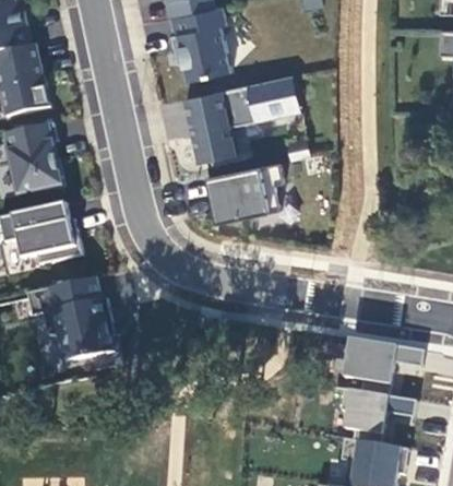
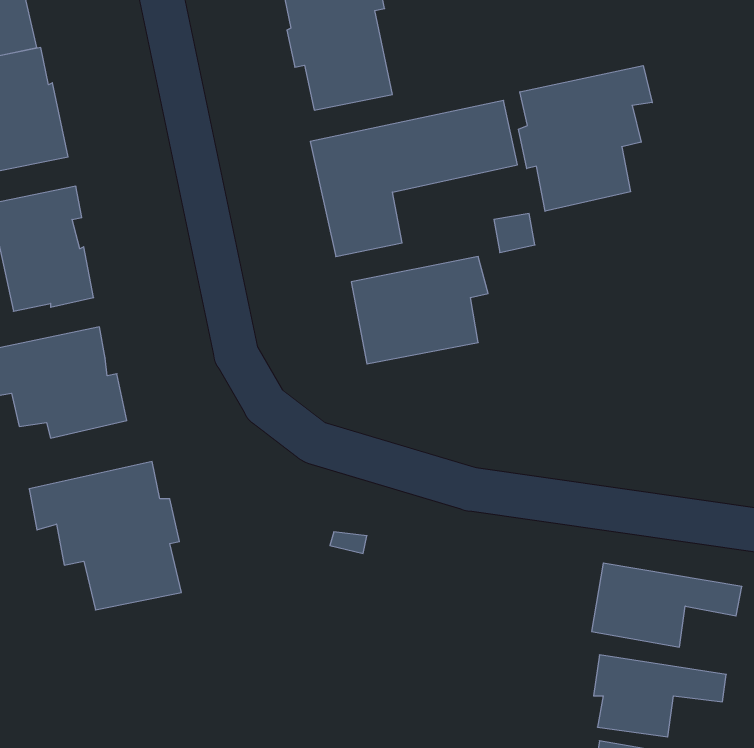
building: none -> [519,66,652,211]

